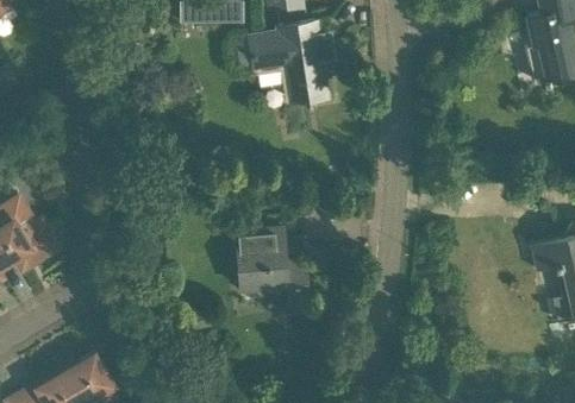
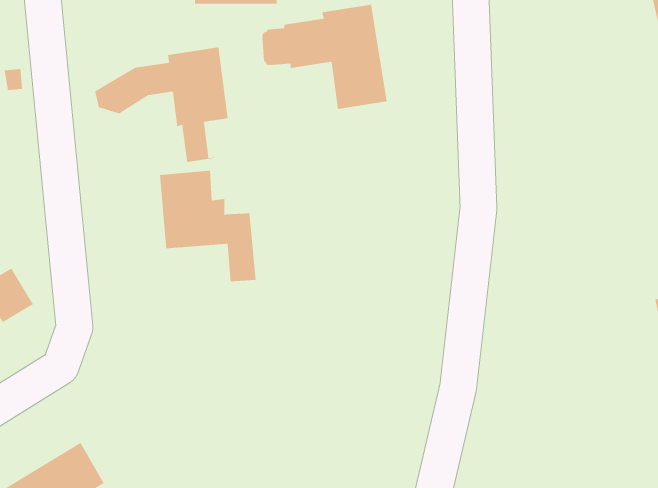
building: none -> [95,47,228,163]
building: [235,228,308,313] -> [159,170,257,282]

